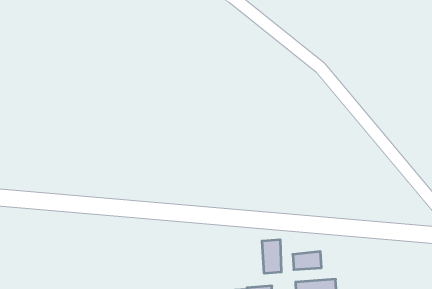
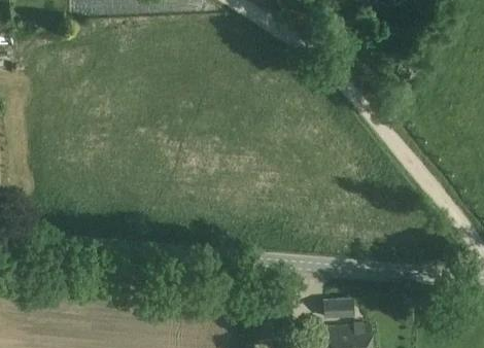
building: [262,240,281,273] -> none

